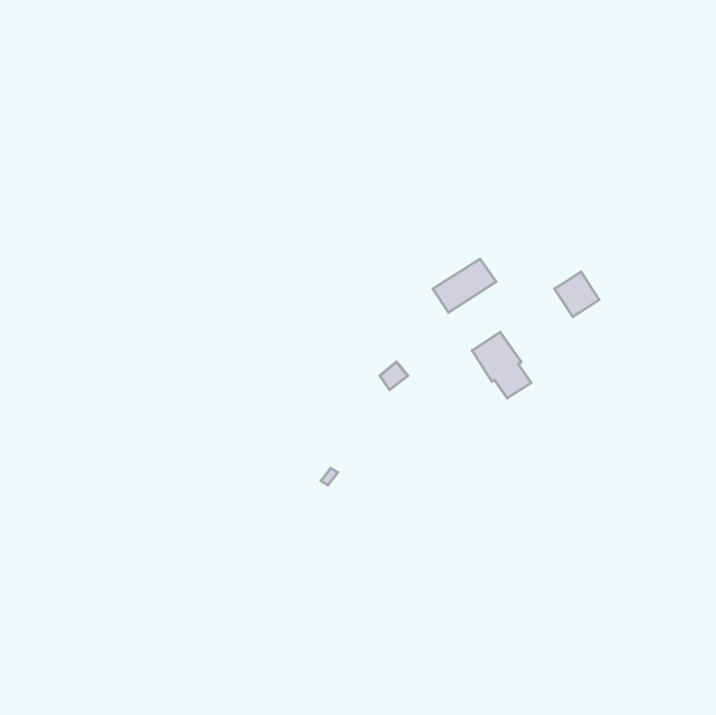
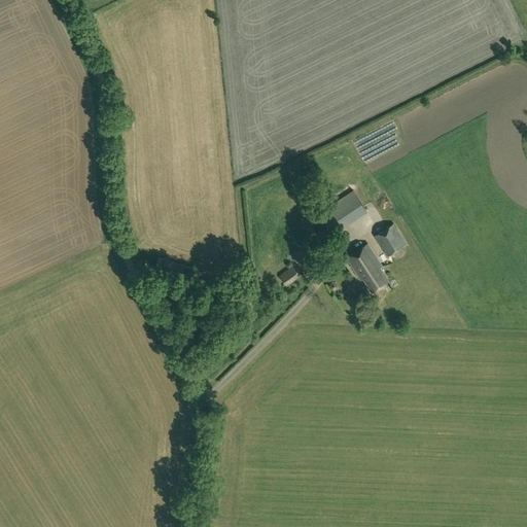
building: [554,272,599,317] -> [374,224,407,257]

